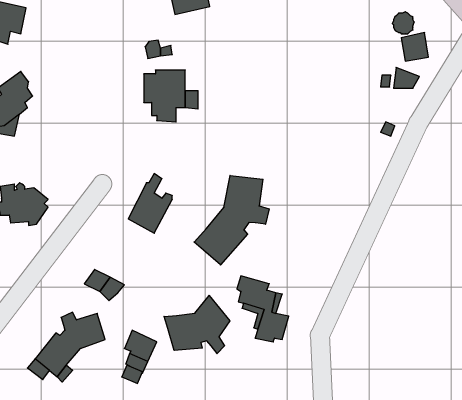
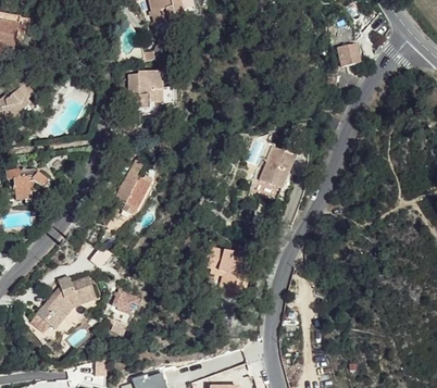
building: none -> [259,147,294,188]
building: [194,175,269,265] -> none
building: [164,295,230,354] -> none

